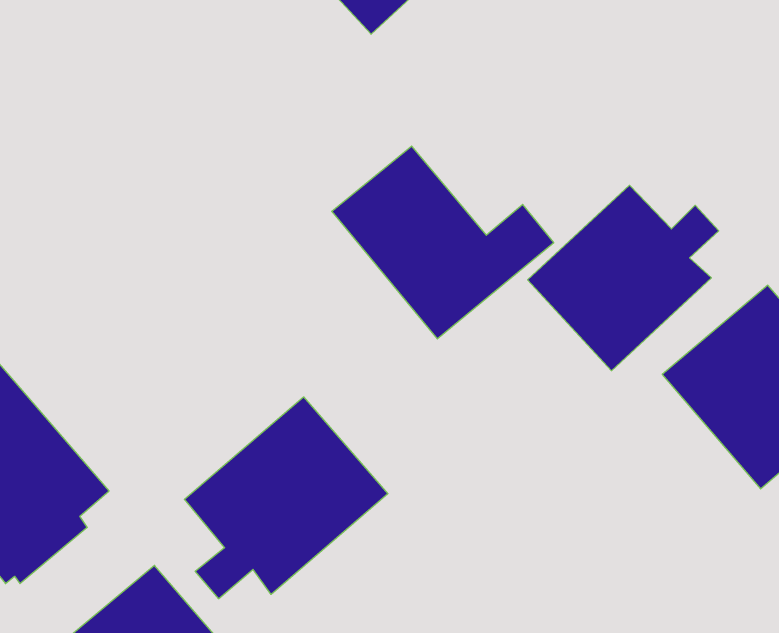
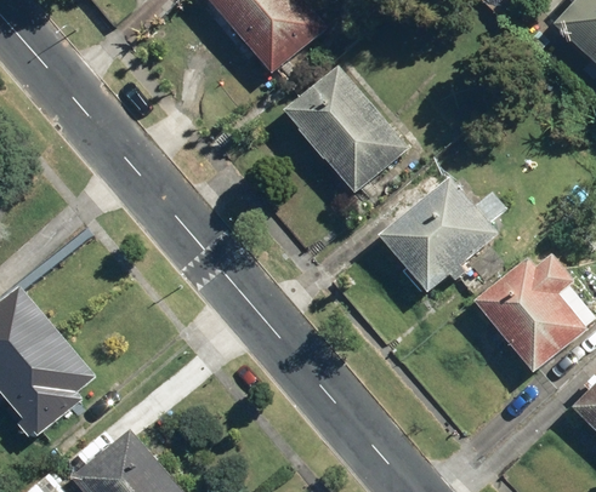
building: [332,146,554,339] -> [283,64,431,193]
building: [184,397,388,599] -> none

